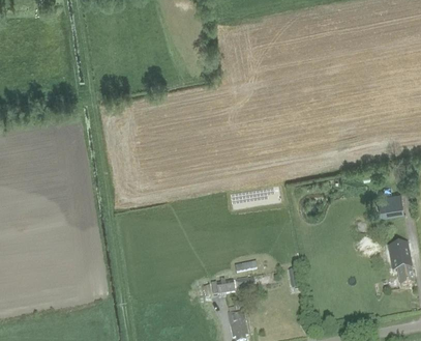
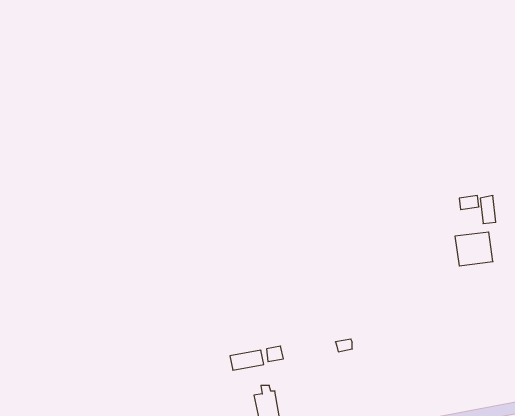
building: [390,248,413,286] -> none

